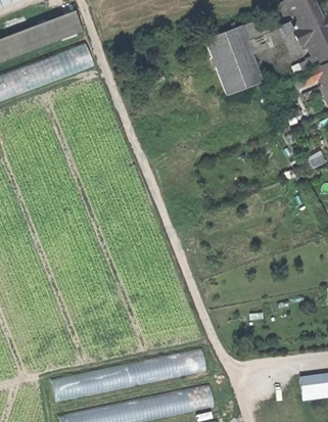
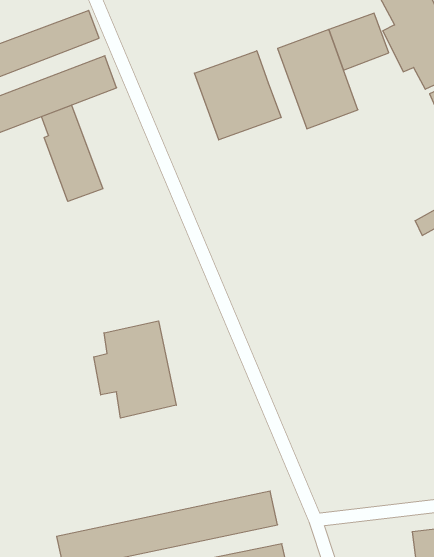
building: none -> [194,51,281,140]
building: none -> [42,105,103,201]
building: none -> [94,321,176,418]

